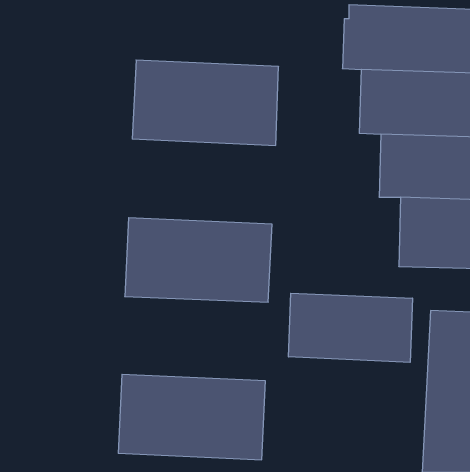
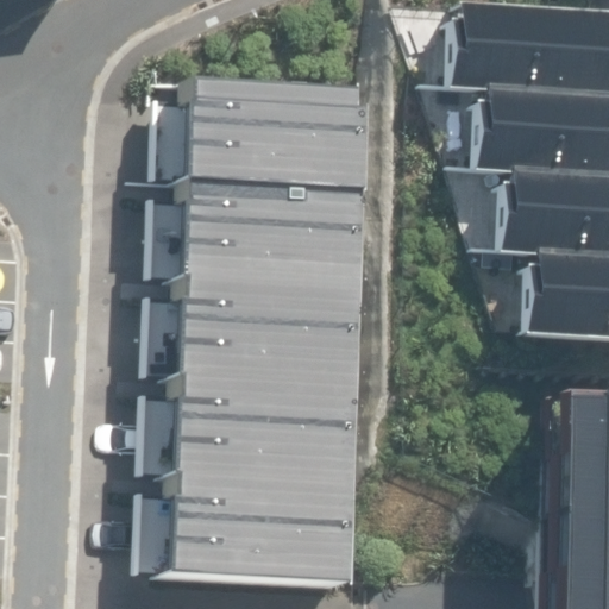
building: none -> [175,176,362,284]
building: [289,293,412,362] -> none
building: none -> [167,376,352,483]

